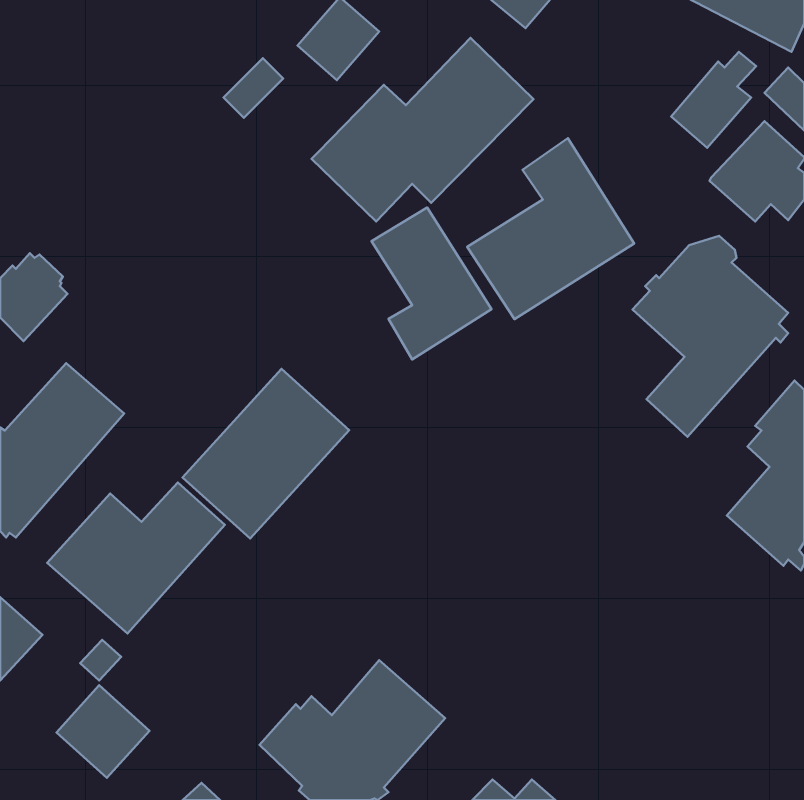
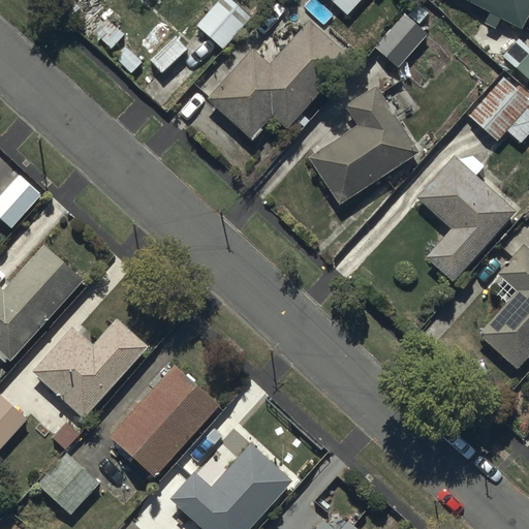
building: [671,52,756,148] -> [373,9,429,72]
building: [371,207,491,360] -> none
building: [183,369,349,539] -> [111,355,220,467]

